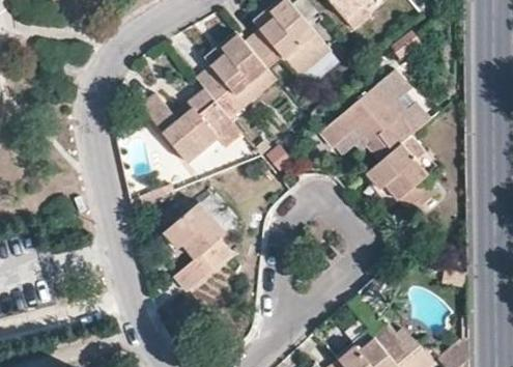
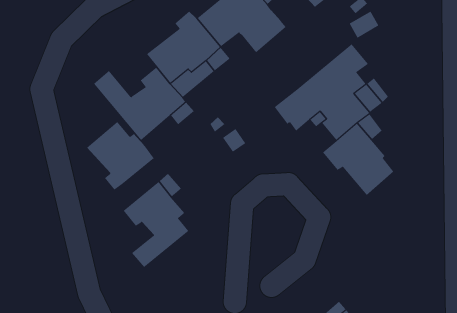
building: none -> [86,121,154,190]

